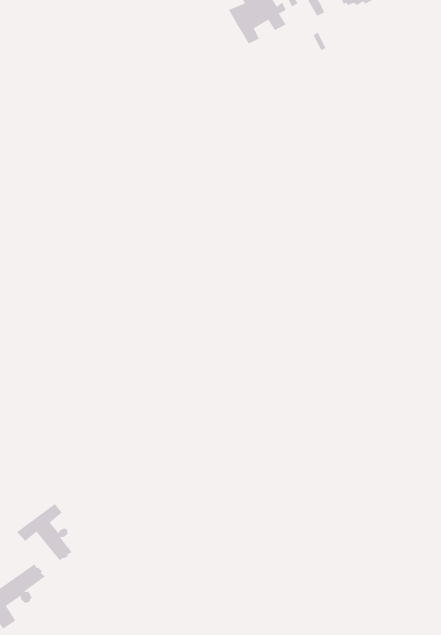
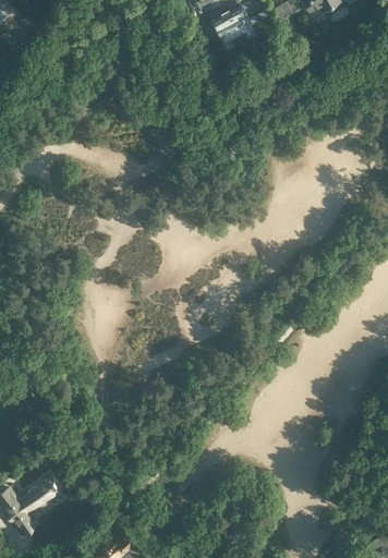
building: [16,503,72,561] -> none

